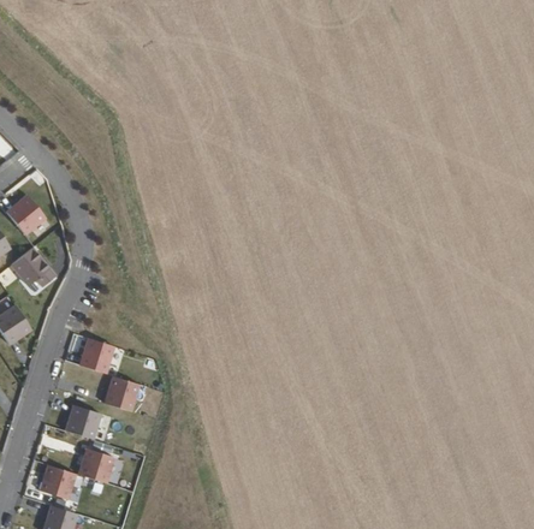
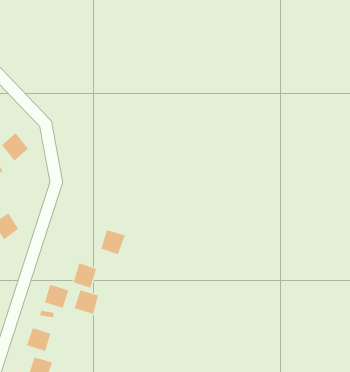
building: [11,248,54,286] -> none
building: [79,337,114,373] -> [100,229,125,255]
building: [78,448,113,483] -> [74,289,99,315]

